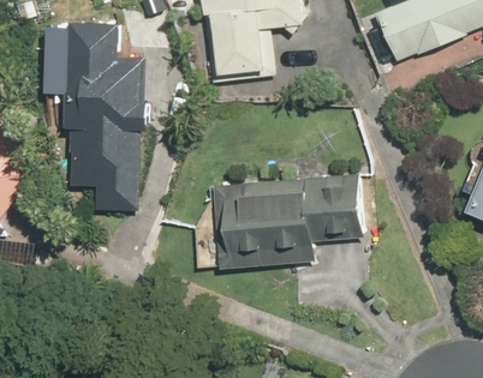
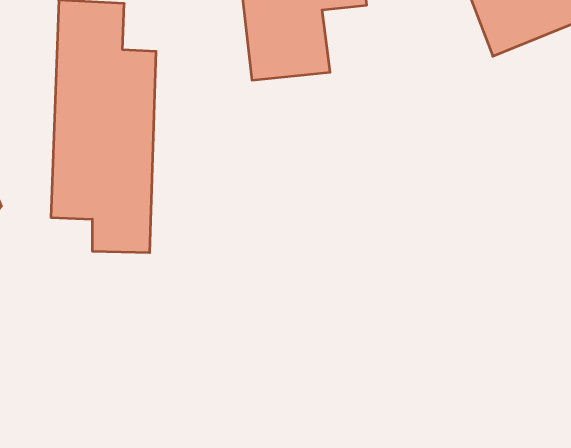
building: [211,175,359,270] -> none

